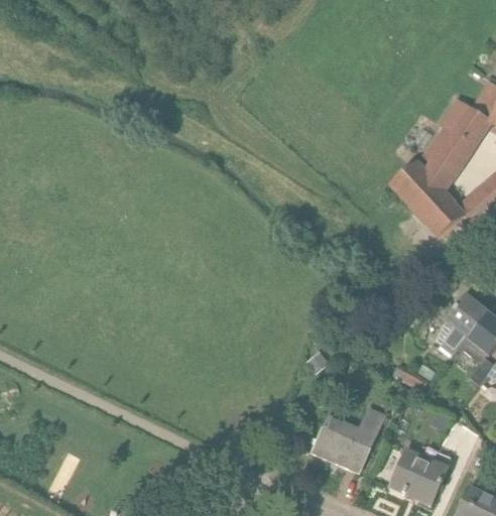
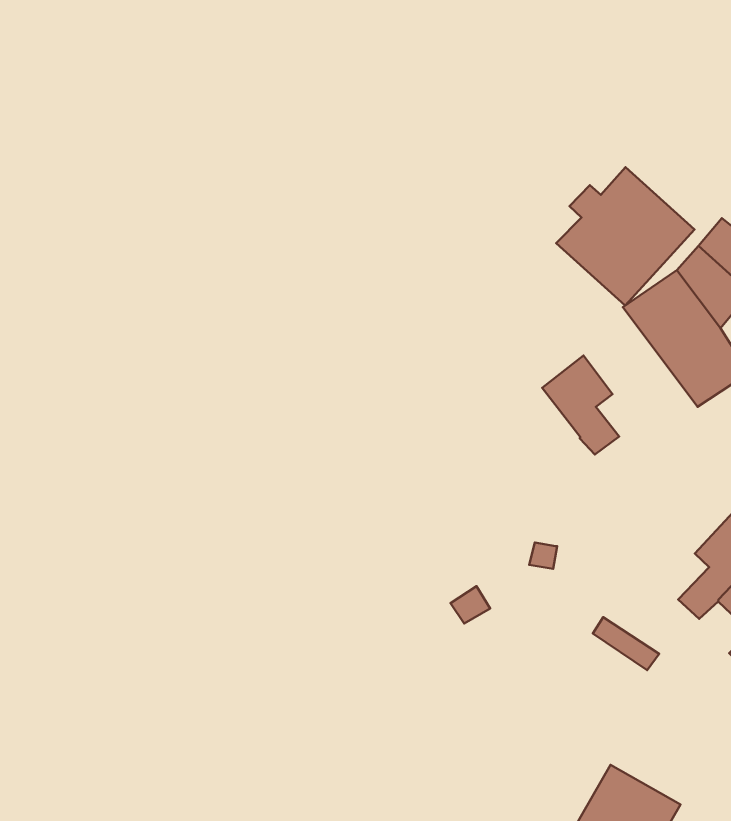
building: none -> [556,167,695,305]
building: none -> [542,355,619,455]
building: [313,406,384,469] -> none

